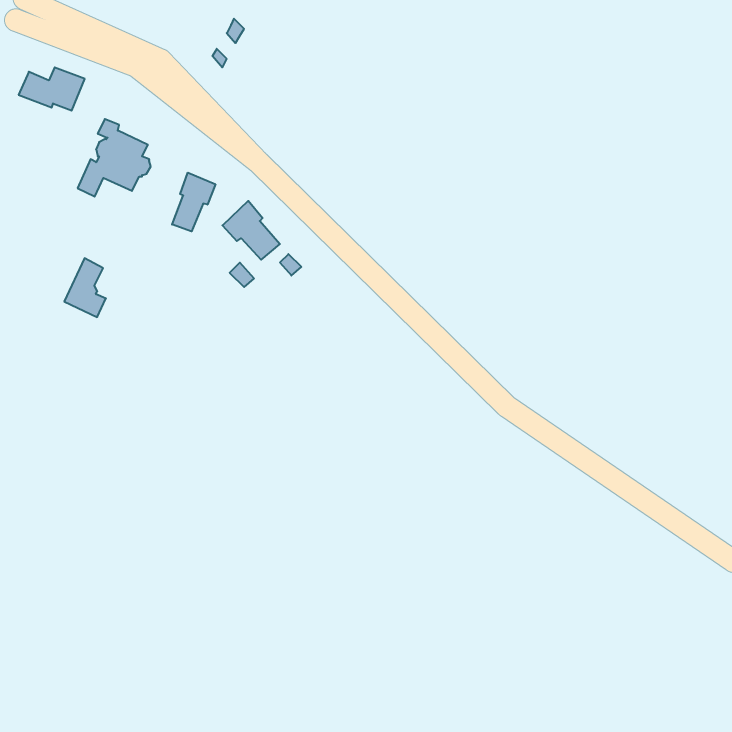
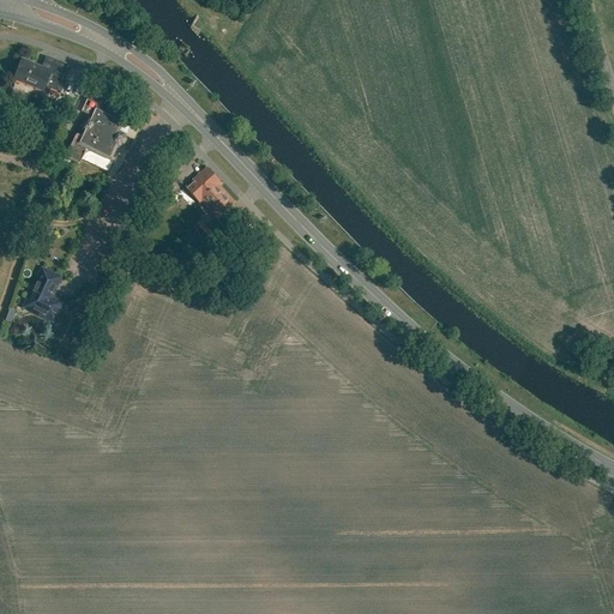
building: [172,173,215,231] -> none
building: [64,258,106,317] -> [26,270,61,319]

